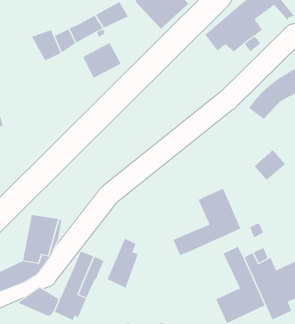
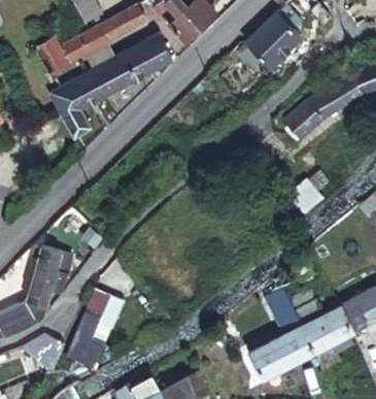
building: none -> [128,38,173,79]
building: none -> [54,71,109,137]
building: [173,188,241,256] -> none
building: [107,238,138,288] -> none

